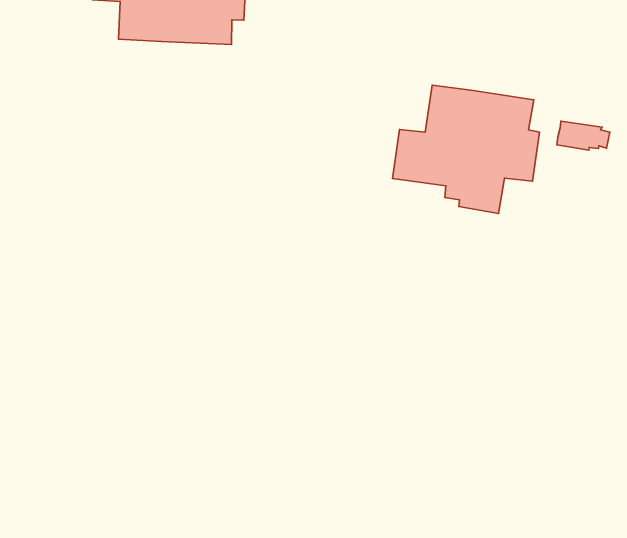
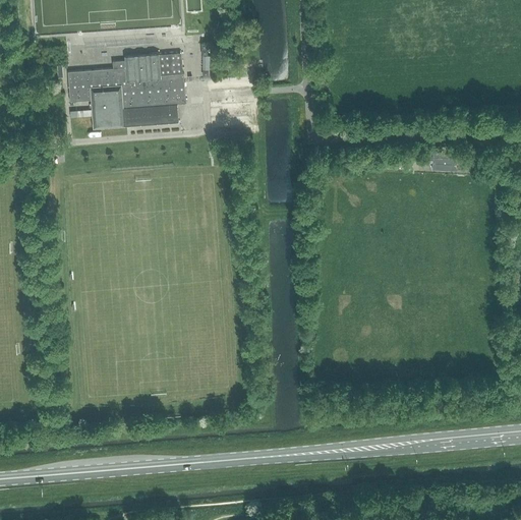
building: [393,85,540,213] -> none

